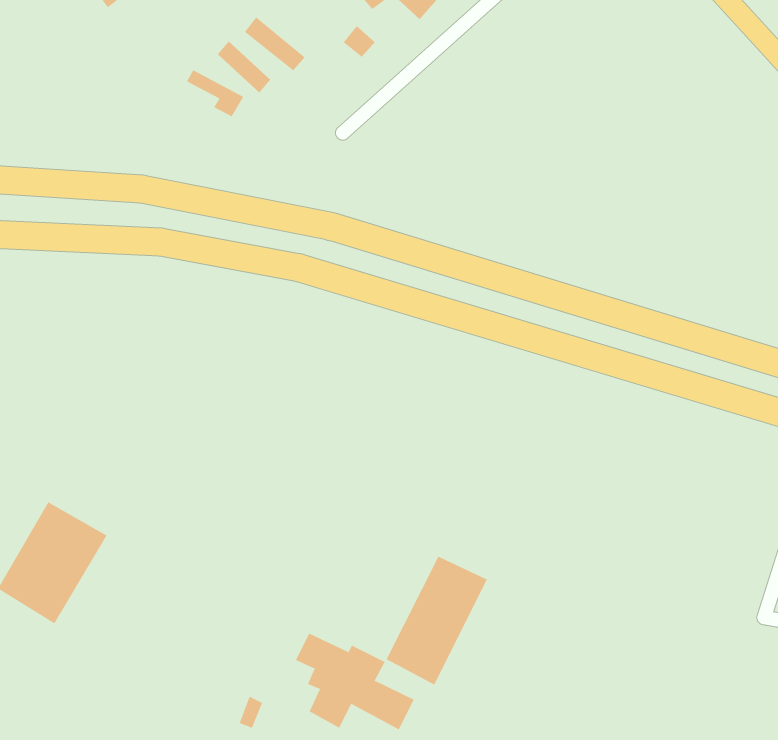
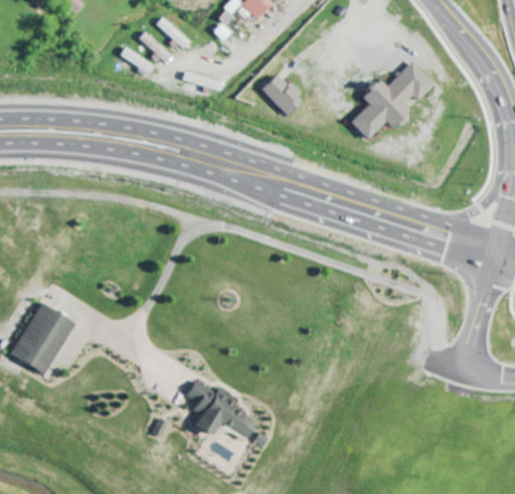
building: none -> [351,61,435,139]
building: none -> [262,74,305,116]
building: [386,556,488,686] -> none

